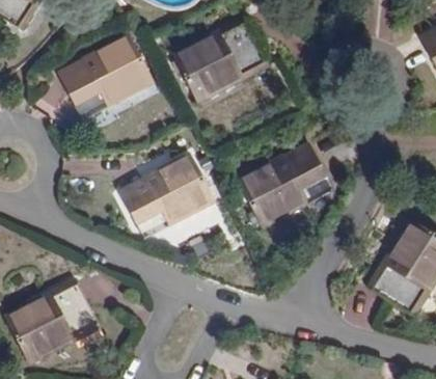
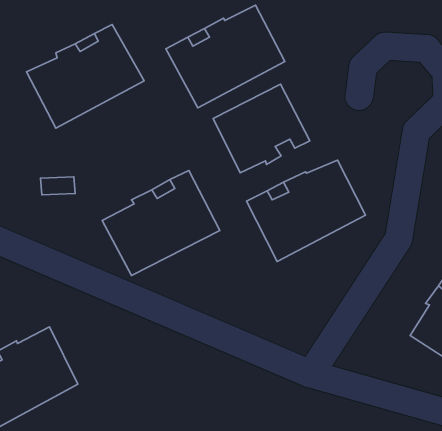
building: none -> [213,84,310,173]

